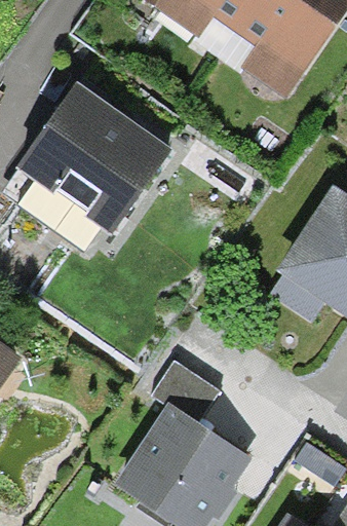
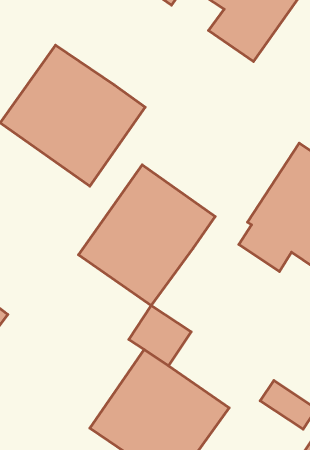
building: none -> [78,165,215,306]

